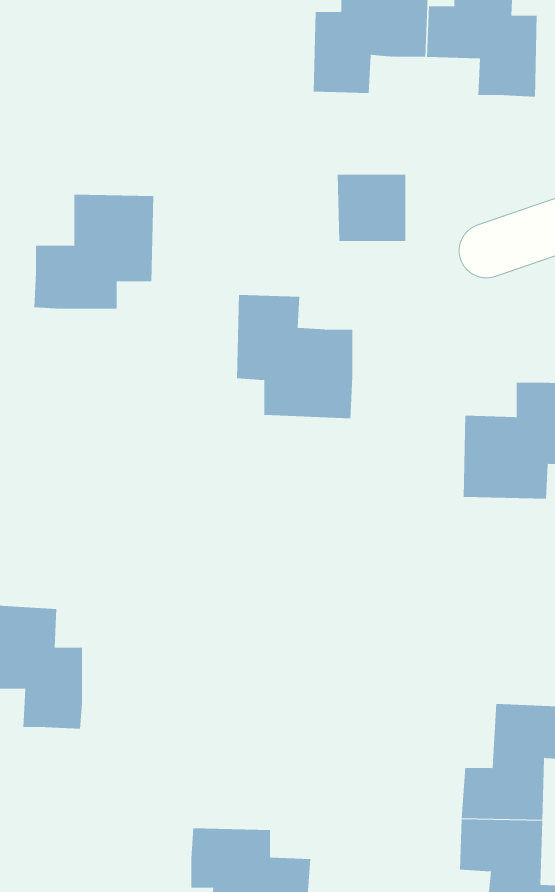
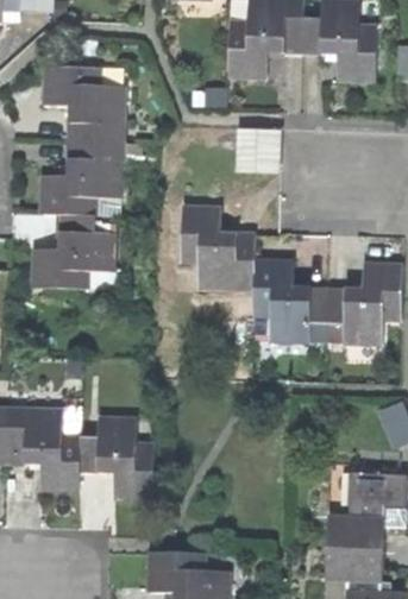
building: none -> [46,67,126,143]
building: none -> [38,216,118,290]
building: none -> [252,260,327,339]
building: none -> [79,422,151,499]

